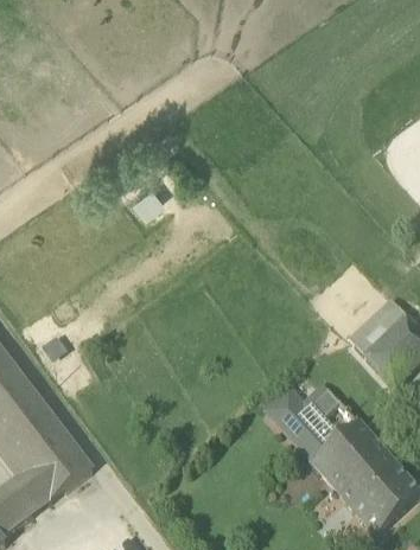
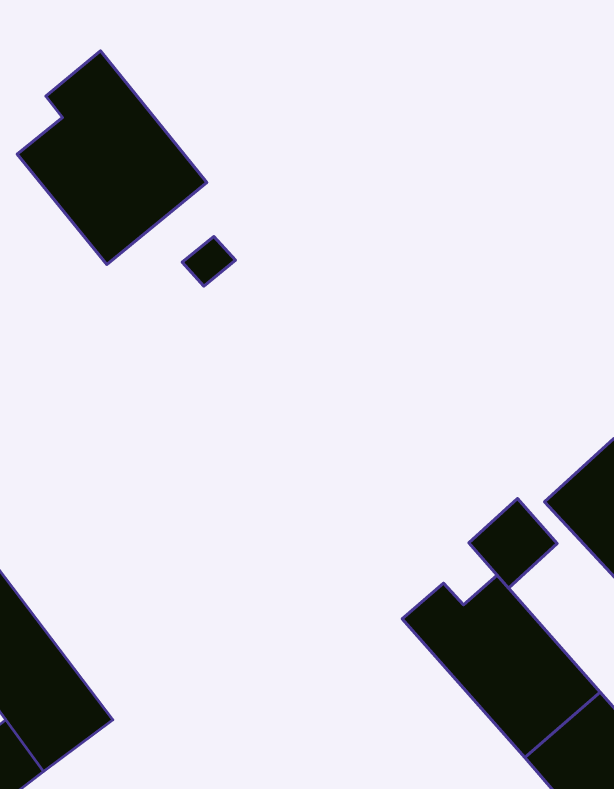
building: none -> [17,51,207,265]
building: none -> [469,498,557,588]

